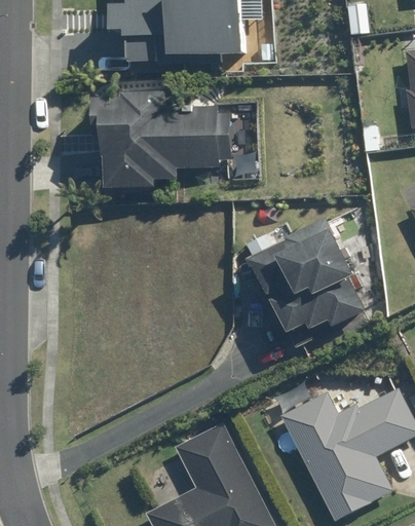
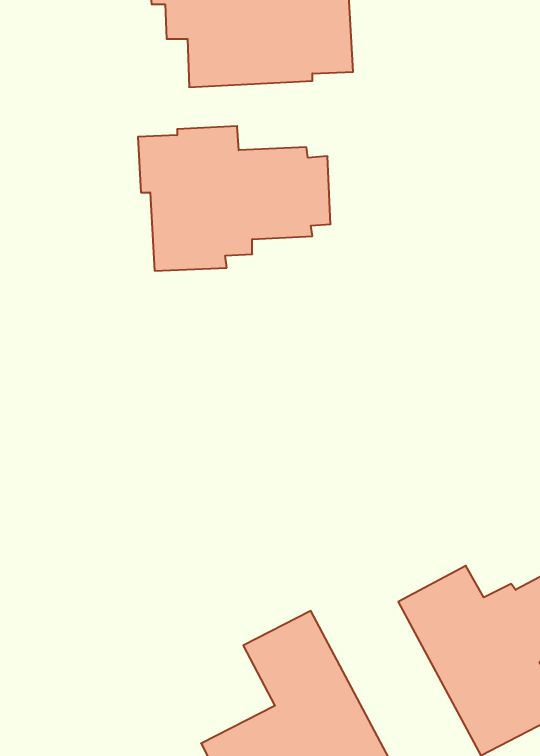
building: [247,220,367,333] -> none

